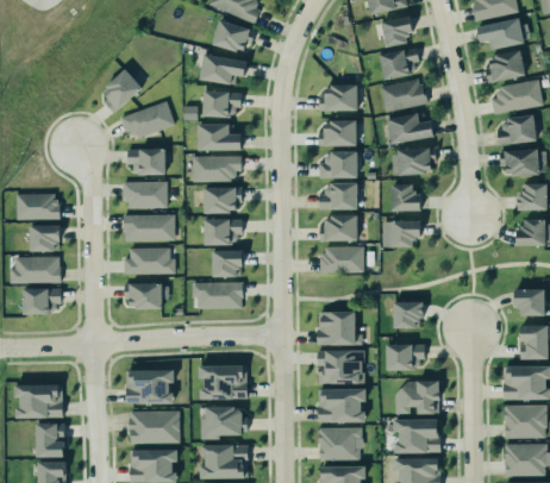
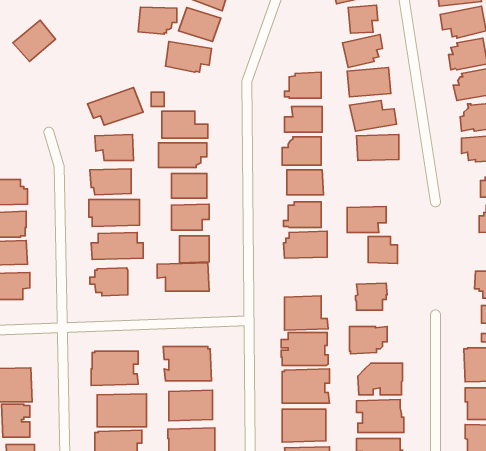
building: [101,70,144,112] -> [13,20,55,62]
building: [201,92,240,119] -> [138,7,177,34]
building: [393,184,423,212] -> [368,236,398,264]

